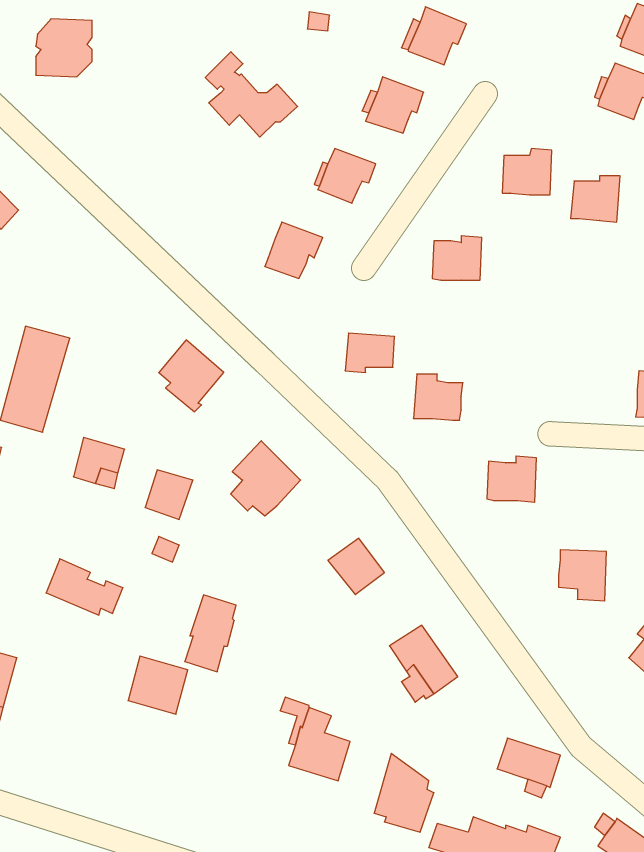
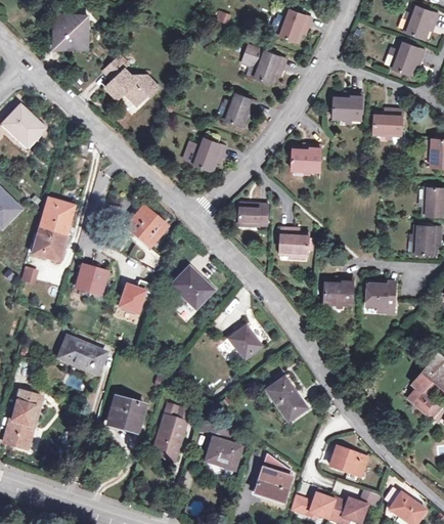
building: [205,52,298,137] -> [103,55,159,106]
building: [559,550,606,601] -> [366,282,395,313]
building: [185,595,236,672] -> [152,416,183,462]

